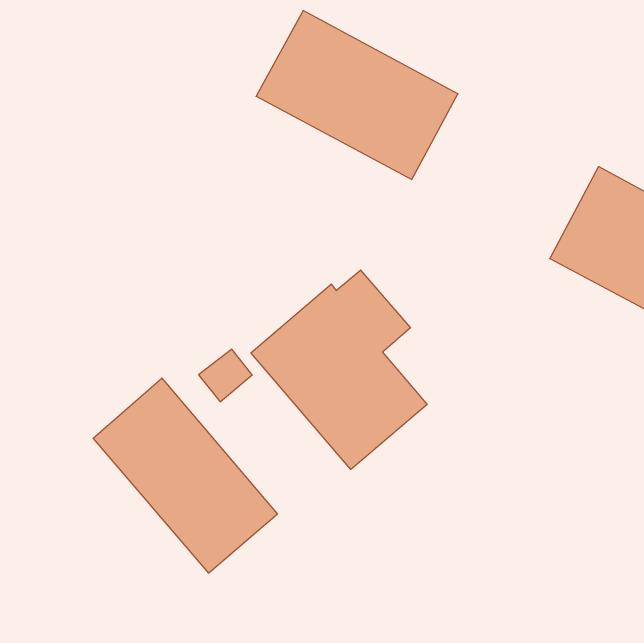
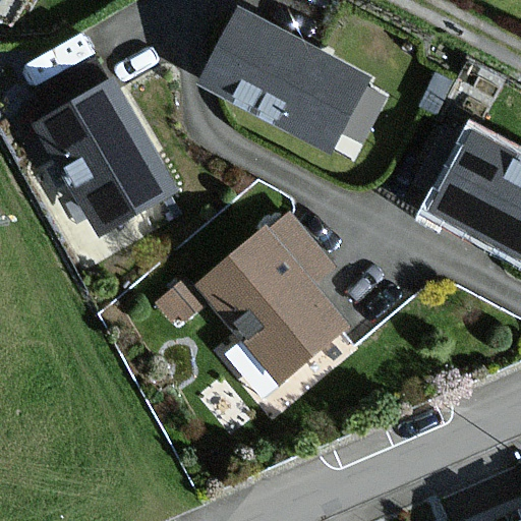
building: none -> [40,82,172,229]
building: [93,378,277,573] -> none

